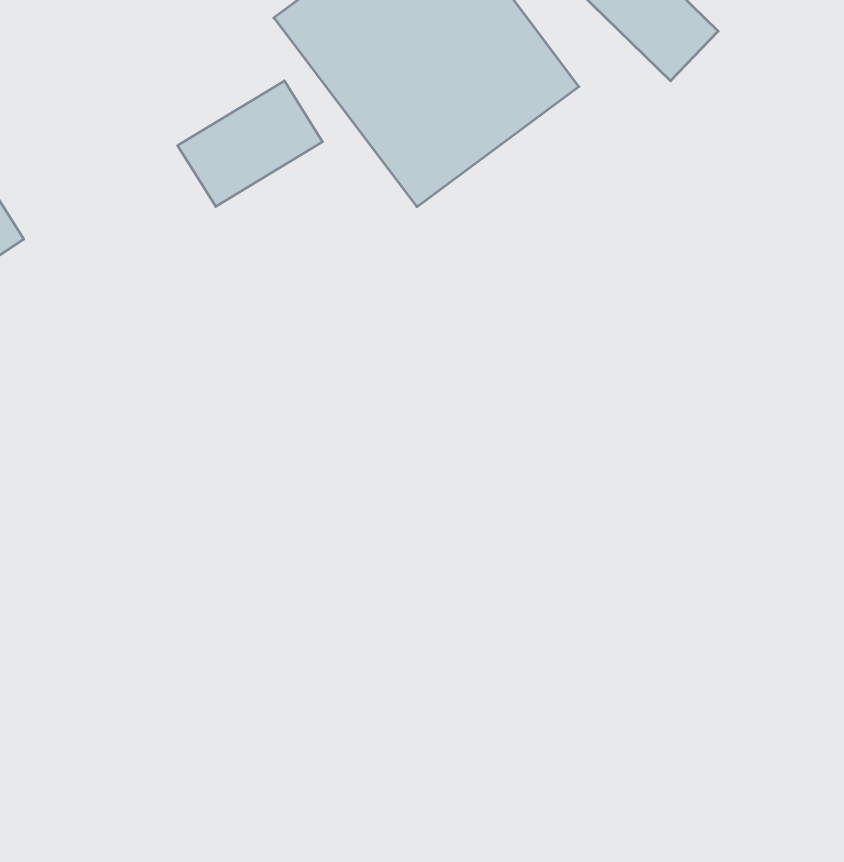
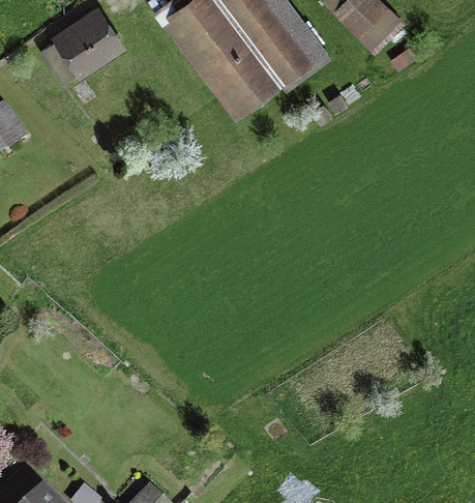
building: [178,81,323,207] -> [42,13,121,82]

